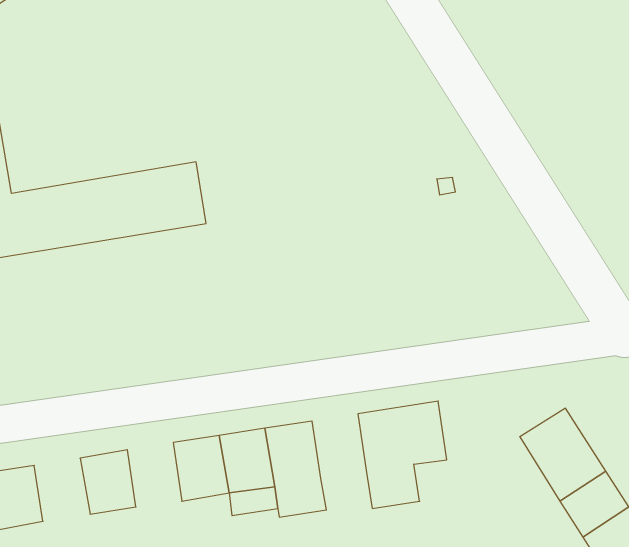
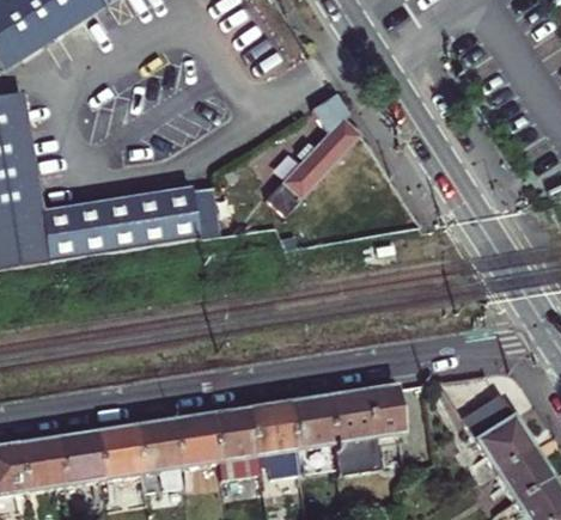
building: none -> [266,87,364,213]
building: none -> [289,394,335,448]
building: none -> [135,418,183,488]
building: none -> [57,432,104,484]

